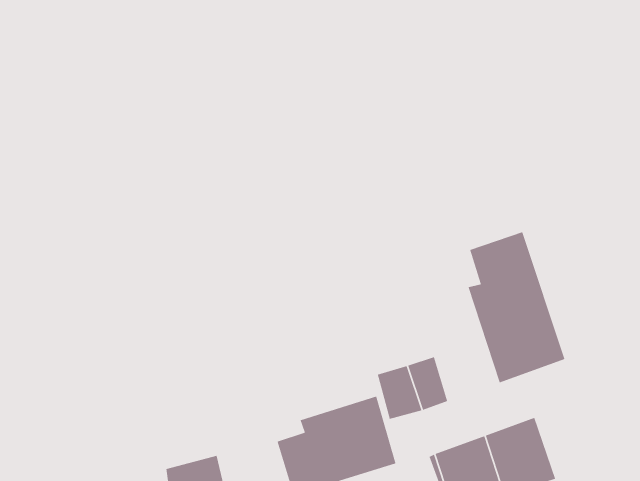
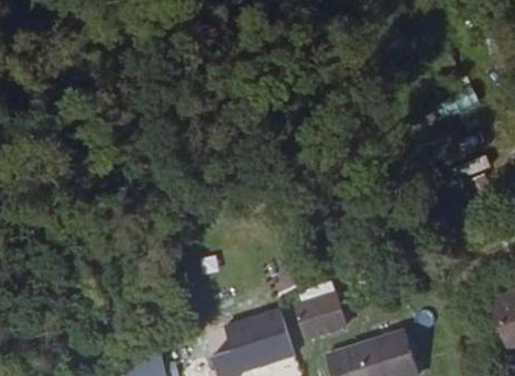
building: [467,231,565,383] -> none

